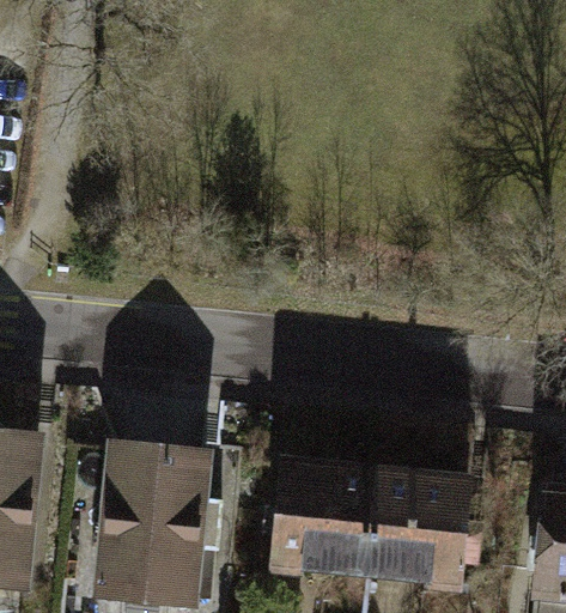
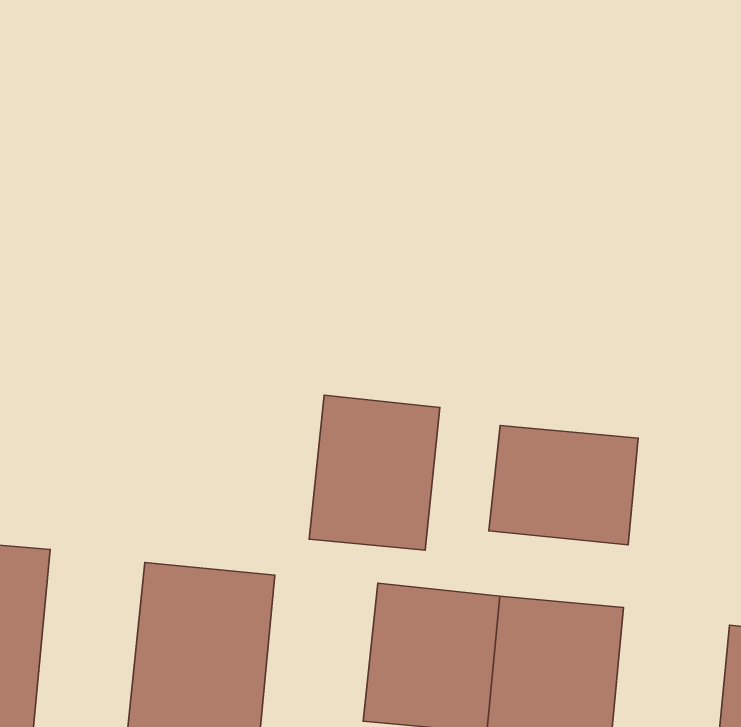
building: none -> [309,395,440,550]
building: none -> [489,425,638,545]

